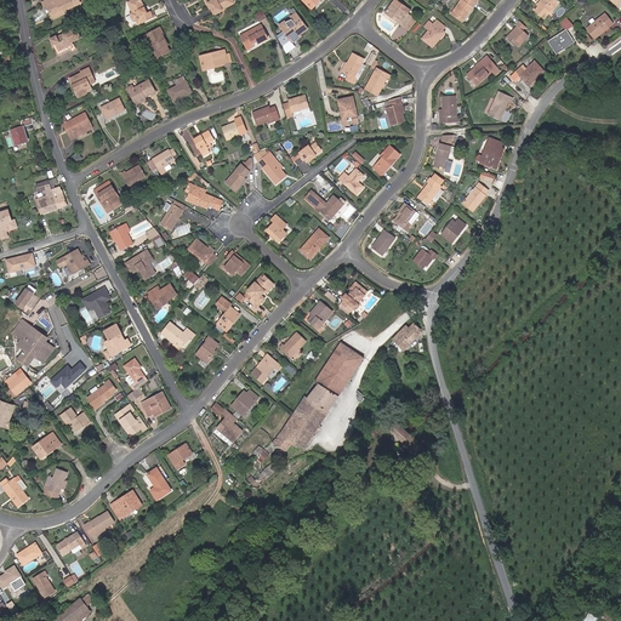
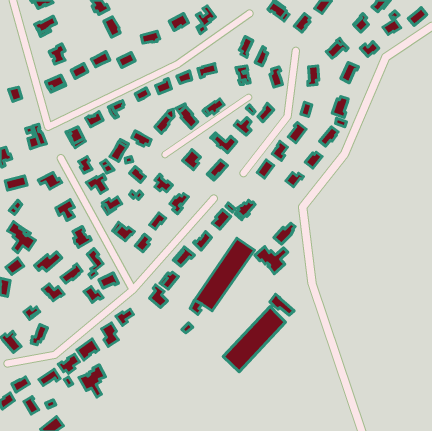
building: none -> [255,247,288,274]
building: none -> [223,307,286,372]
building: none -> [79,365,105,397]

